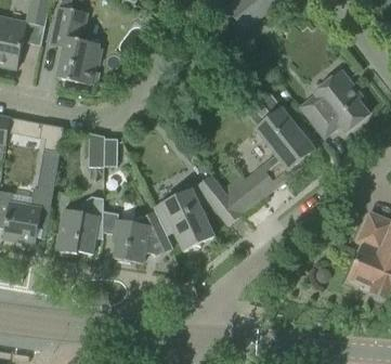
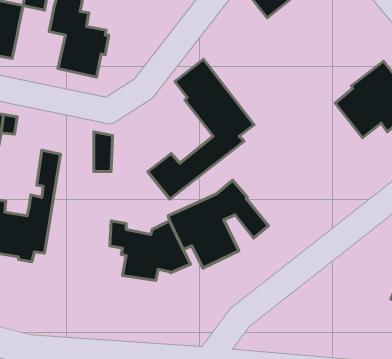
building: [222,92,315,214] -> [148,59,254,199]
building: [56,196,104,253] -> none

